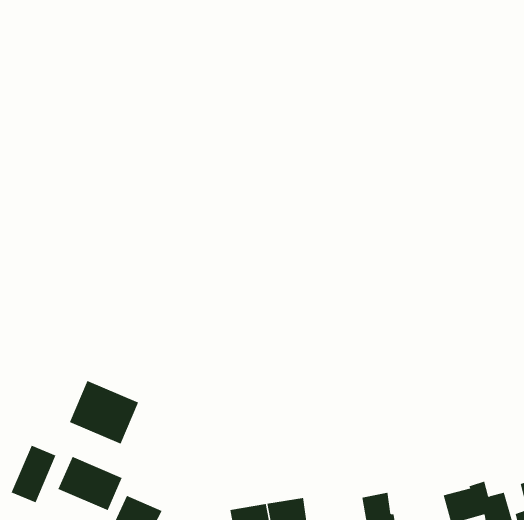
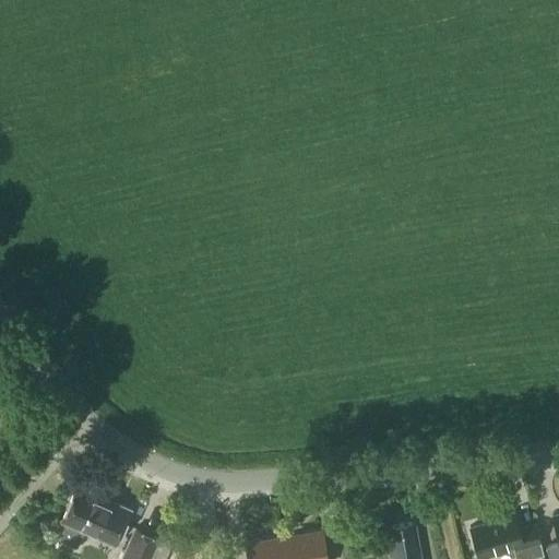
building: [69,380,139,444] -> none
building: [11,445,56,503] -> none

